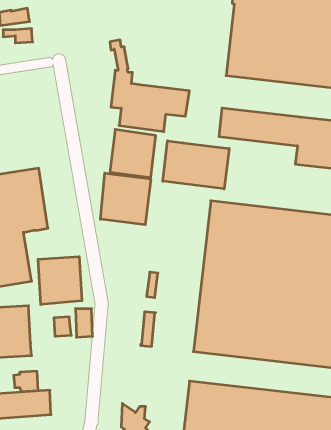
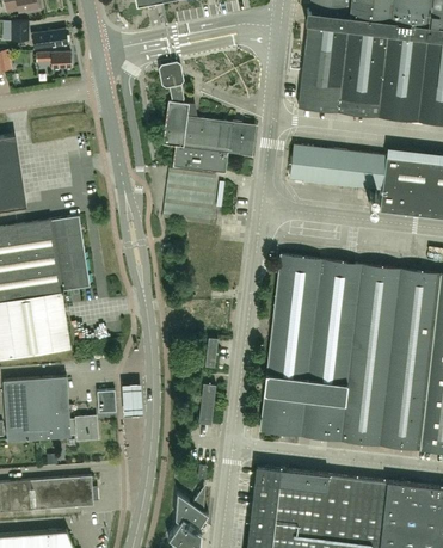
building: [163,141,229,189] -> none
building: [100,173,151,225] -> none
building: [38,257,82,305] -> none
building: [14,371,38,392] -> [69,417,98,441]

